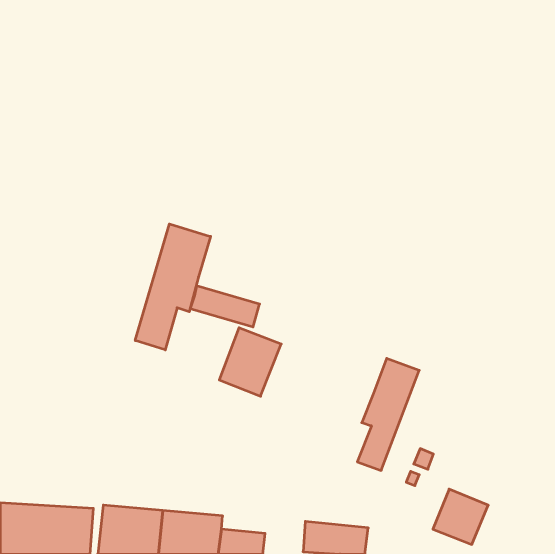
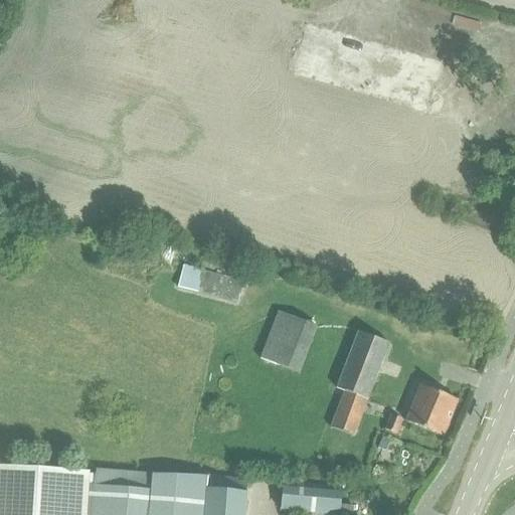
building: [135,224,211,350] -> none
building: [219,328,281,396] -> [263,304,320,367]
building: [433,489,488,544] -> [406,385,458,437]

